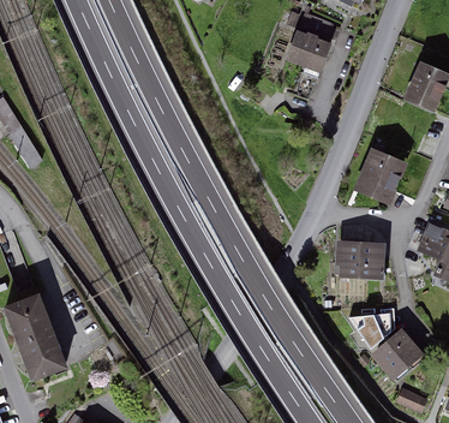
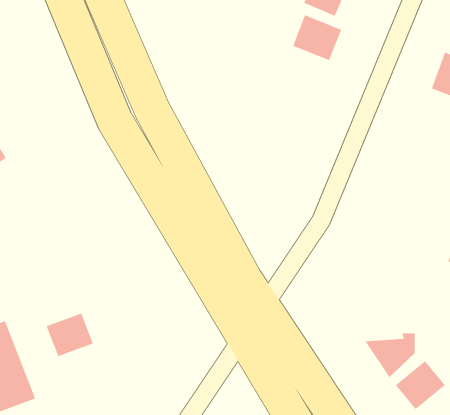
building: [358,151,403,198] -> none
building: [333,240,383,273] -> none
building: none -> [46,312,94,357]

